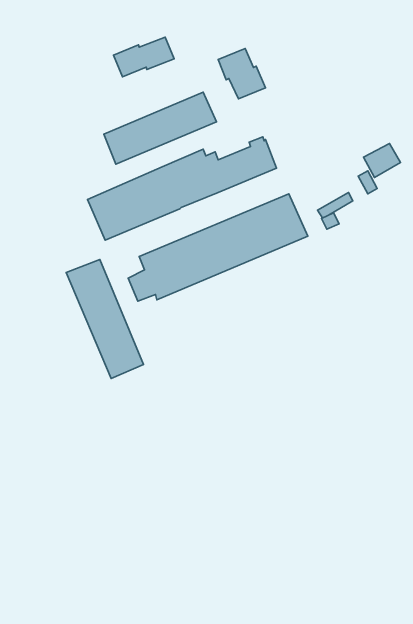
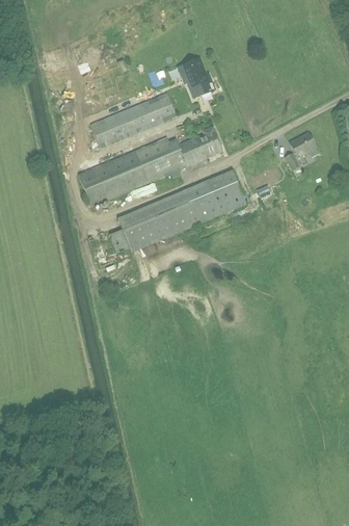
building: [113,37,174,77] -> none
building: [66,260,144,379] -> none

